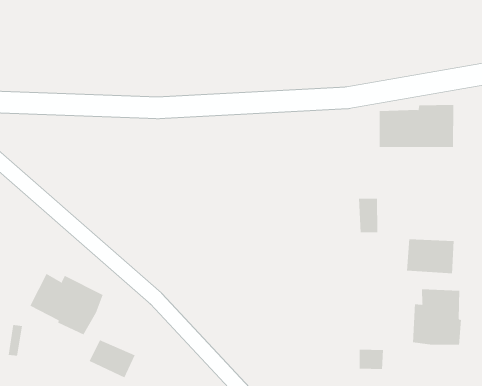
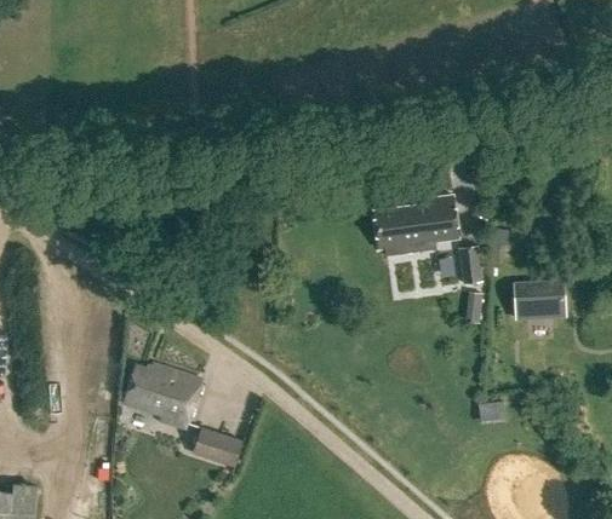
building: [379,105,454,148] -> [373,194,457,248]
building: [412,288,461,346] -> none

